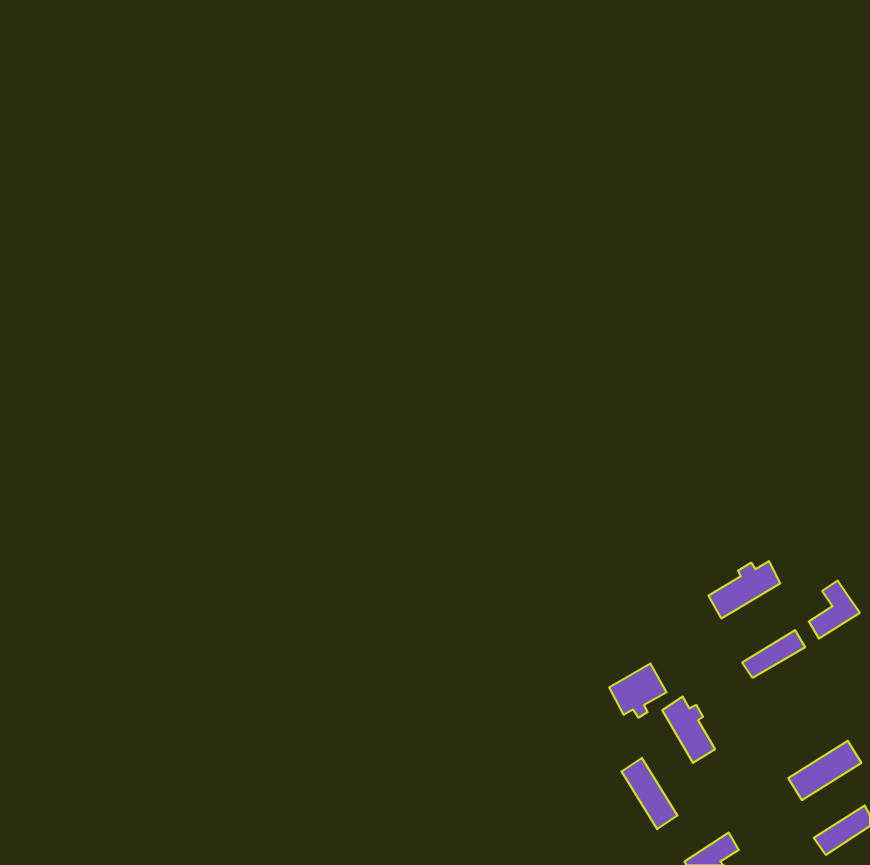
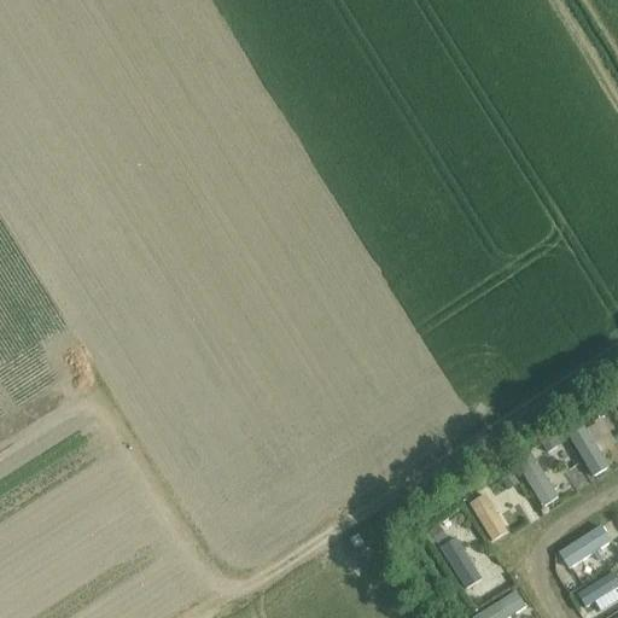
building: [709,561,780,619] -> none
building: [609,663,667,718] -> none

